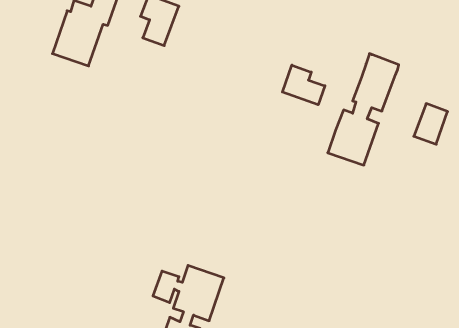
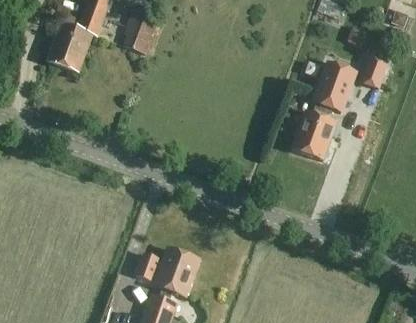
building: [282,65,325,105] -> none
building: [414,104,448,144] -> [359,55,389,91]

